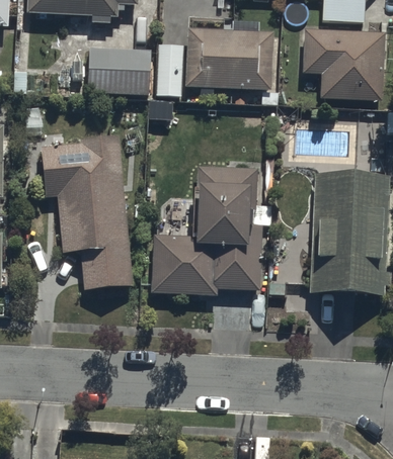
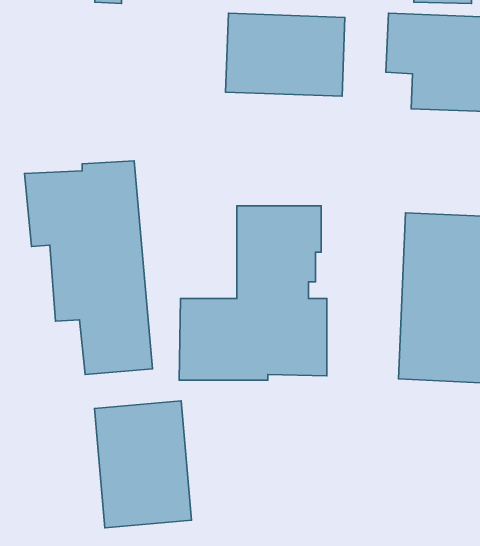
building: [156,44,184,97] -> none
building: [89,48,152,95] -> none
building: none -> [94,401,191,528]

